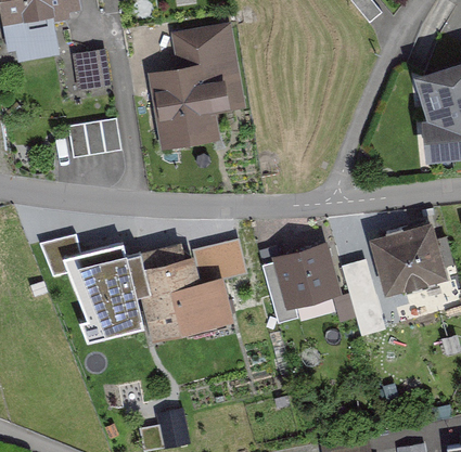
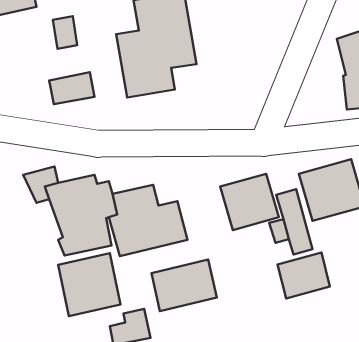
building: [192,237,246,280] -> none
building: none -> [278,253,330,298]
building: none -> [58,253,120,316]
building: none -> [152,260,217,311]

